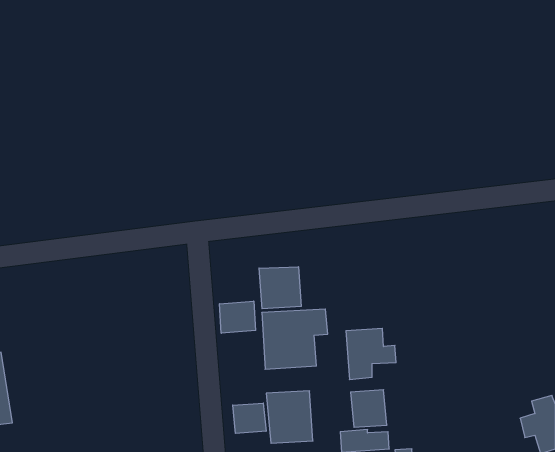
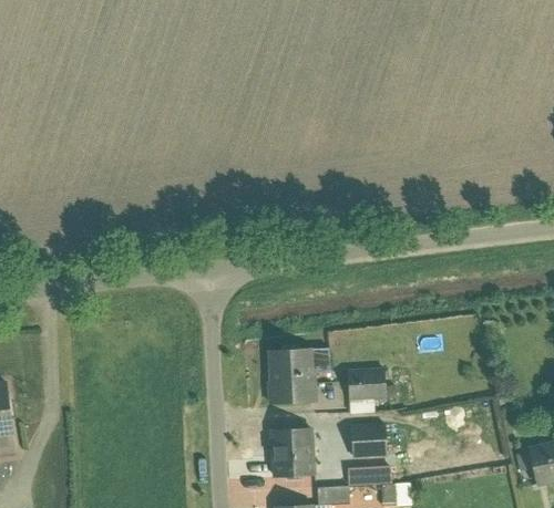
building: [259,267,301,309] -> none
building: [220,301,256,333] -> none
building: [233,403,266,433] -> none

